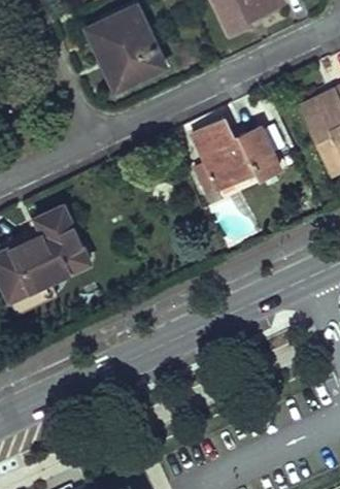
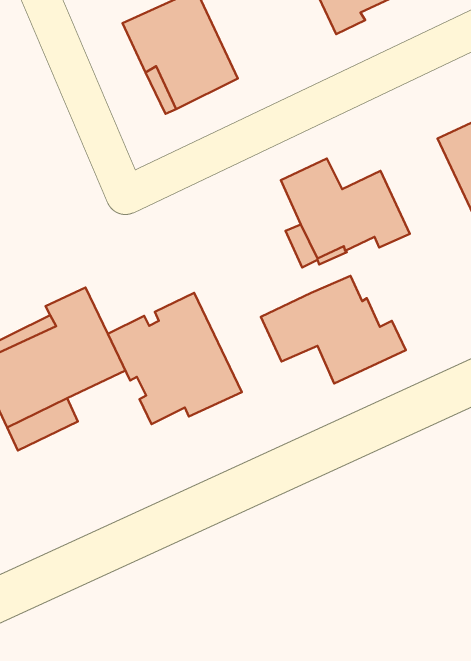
building: none -> [261,276,406,383]
building: none -> [108,293,242,424]

